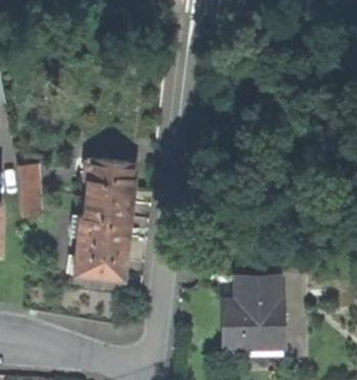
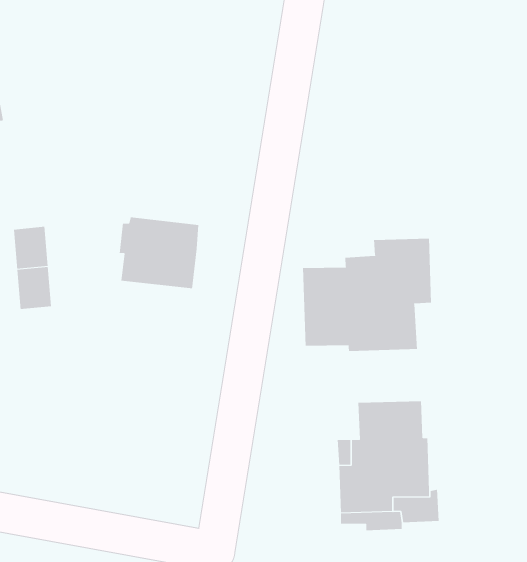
building: none -> [302,238,431,352]
building: [74,199,132,279] -> none

